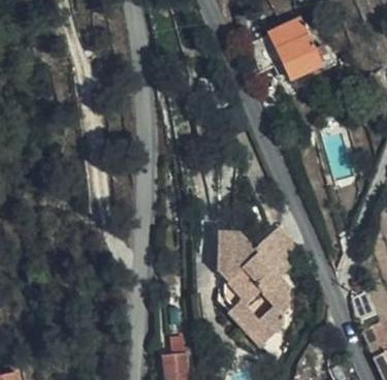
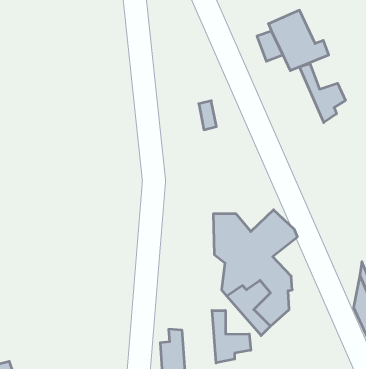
building: none -> [300,63,345,123]
building: none -> [212,310,251,363]

